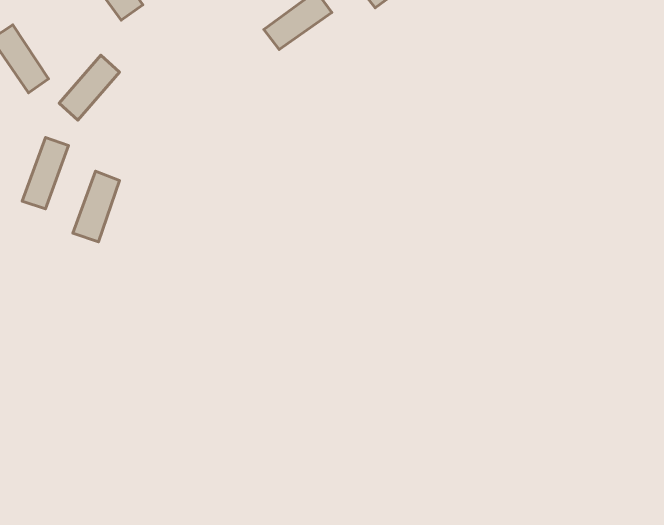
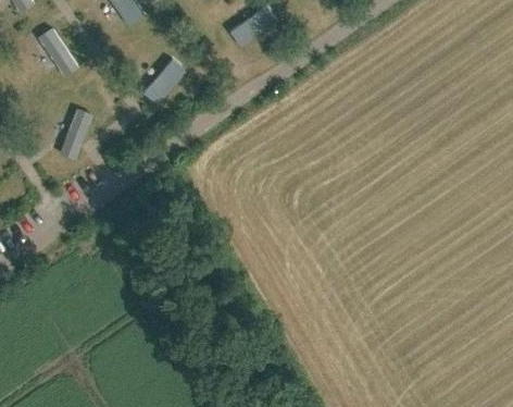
building: [59,55,119,120] -> [143,58,186,103]
building: [73,171,120,242] -> none

